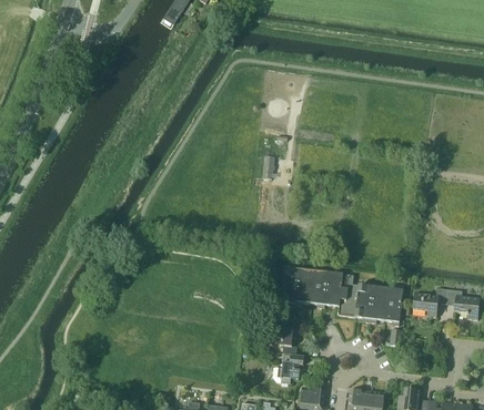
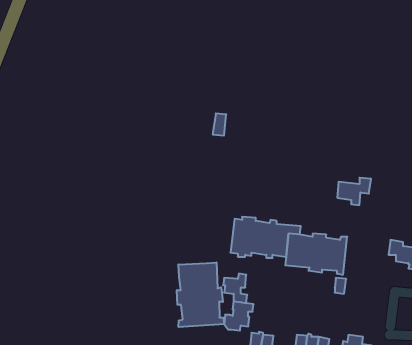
building: [413,288,448,317] -> [337,178,371,205]
building: none -> [177,262,224,327]

